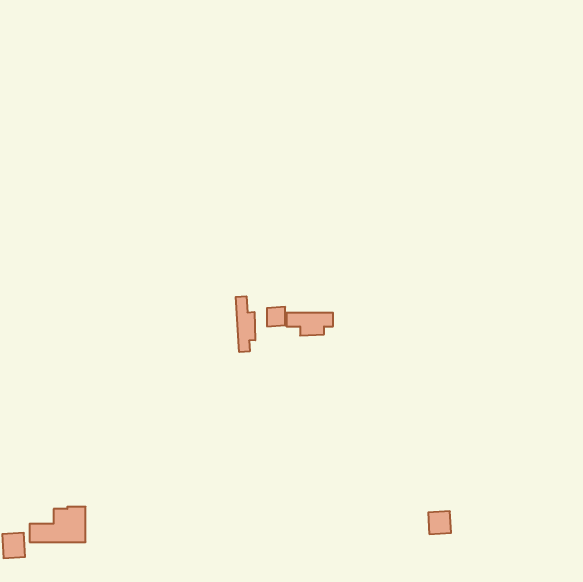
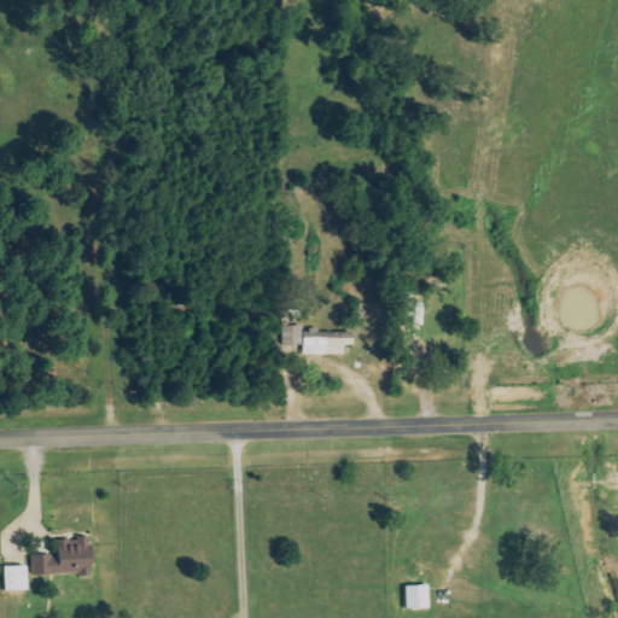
building: [236,296,255,352] -> none
building: [428,511,451,534] -> [404,583,428,607]

